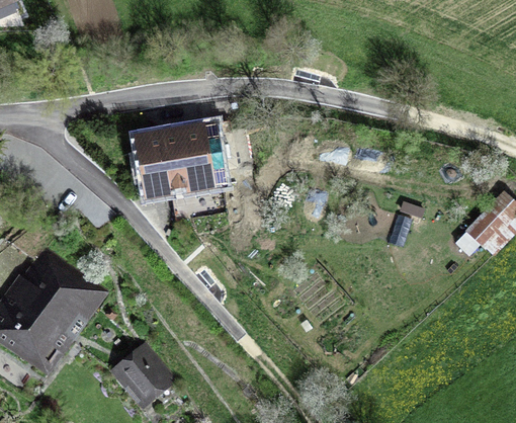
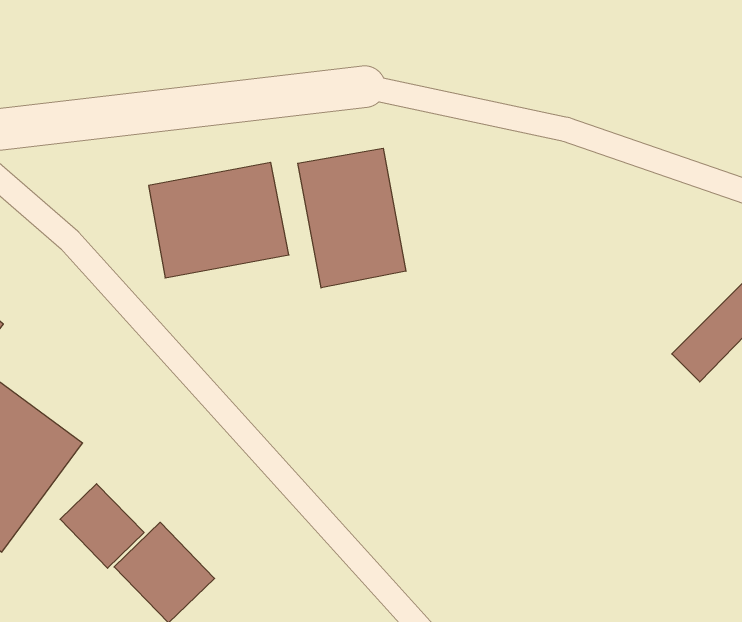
building: none -> [298,148,406,288]
building: none -> [60,484,144,568]

